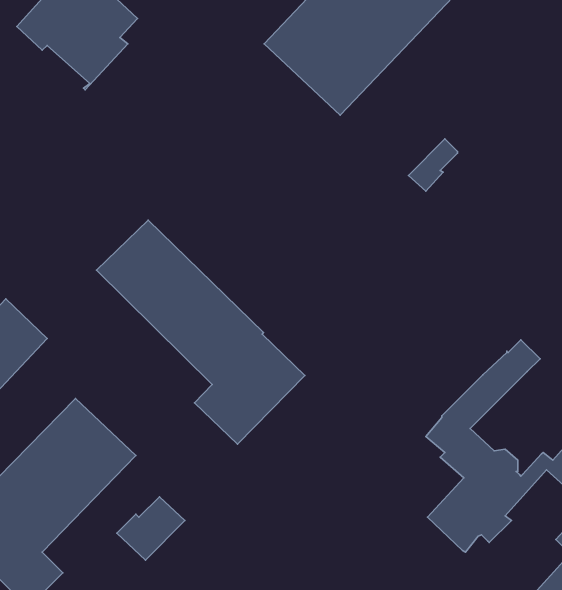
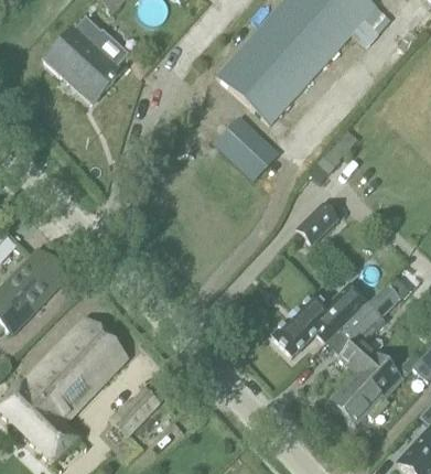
building: none -> [215,114,279,177]
building: [96,220,305,444] -> none
building: none -> [297,201,338,244]
building: none -> [270,282,369,360]

